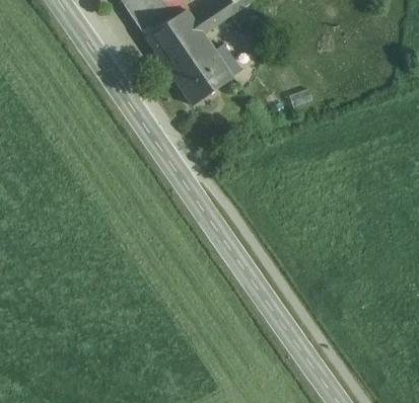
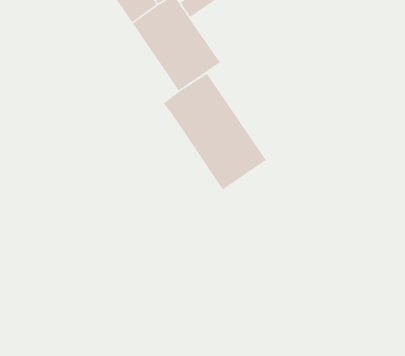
building: none -> [163,73,267,190]

